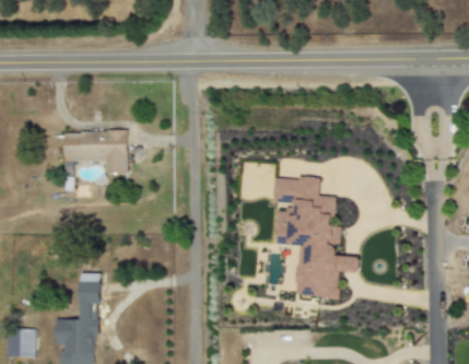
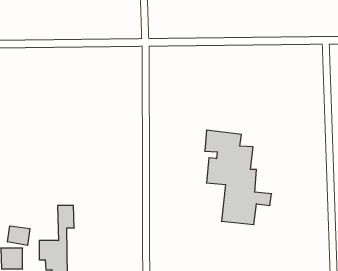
building: [63,131,128,173] -> none
building: none -> [8,226,30,245]

